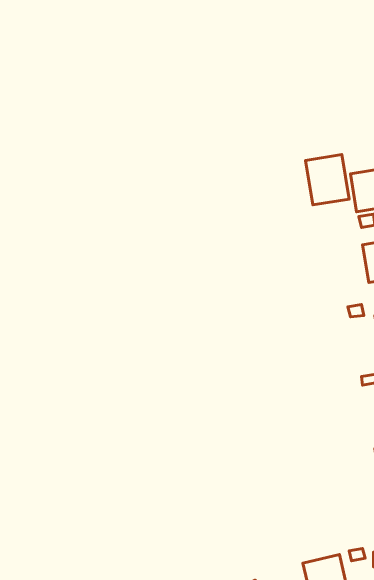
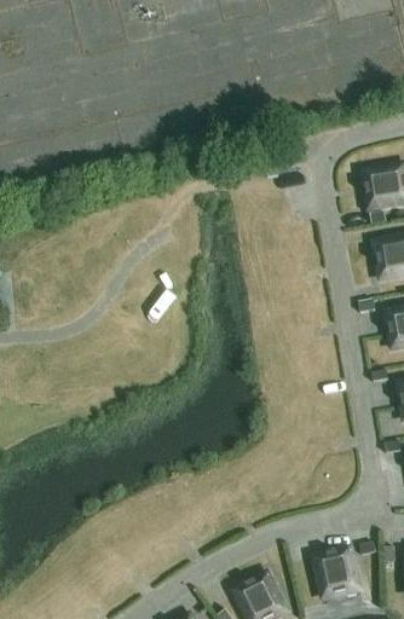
building: [306,155,349,205] -> none

